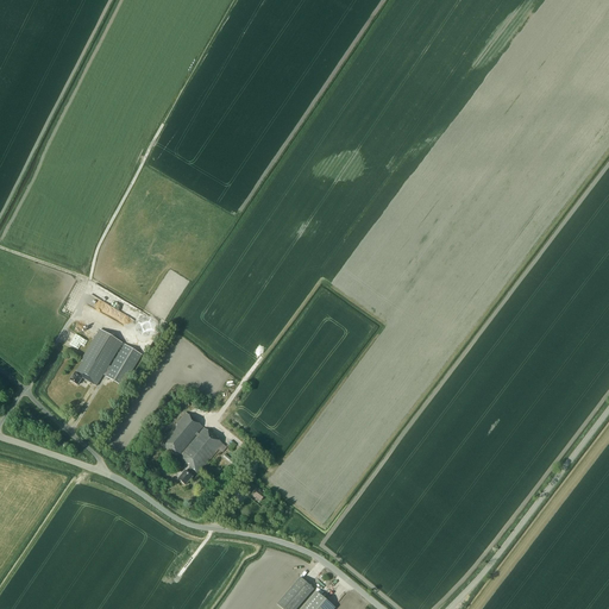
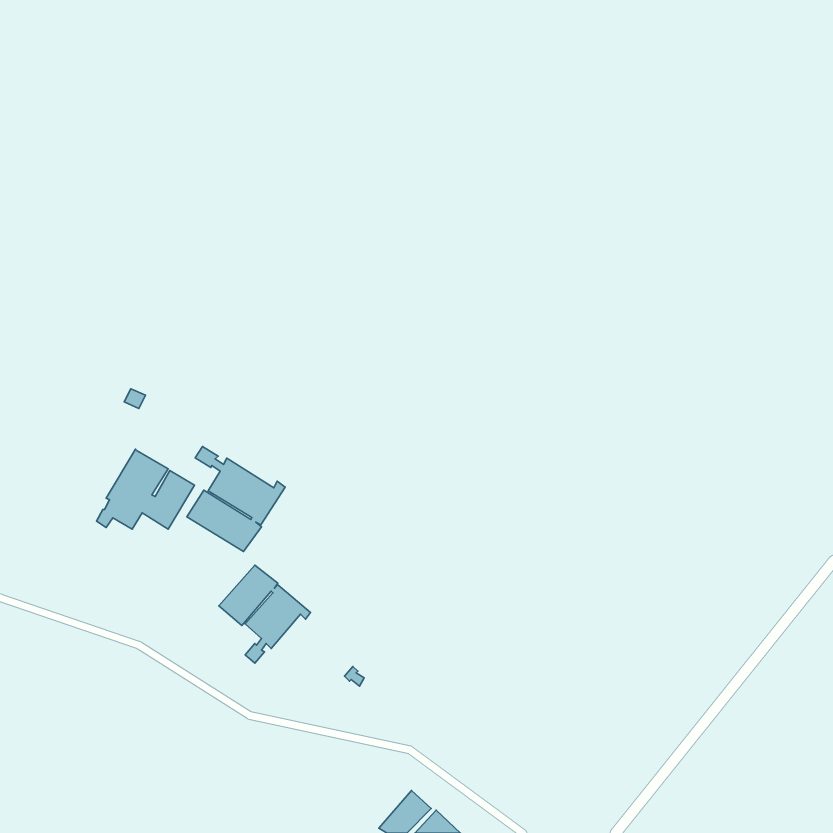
building: none -> [187,446,285,552]

